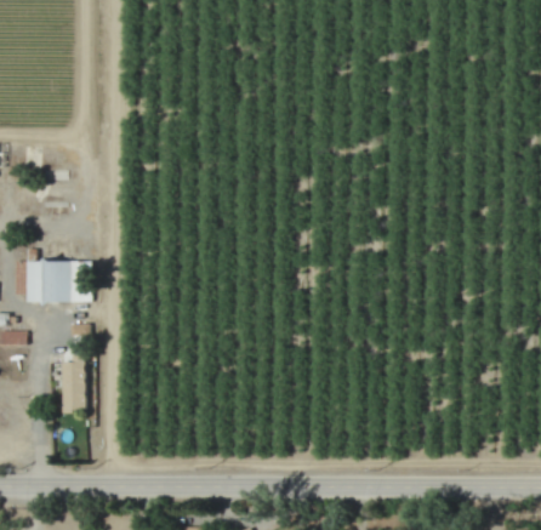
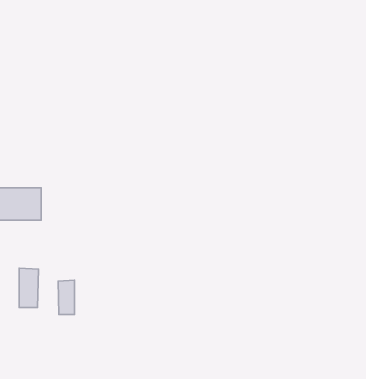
building: none -> [58,280,74,315]

